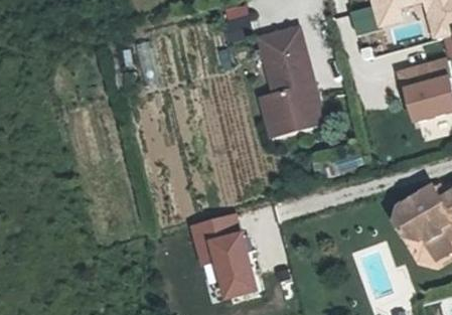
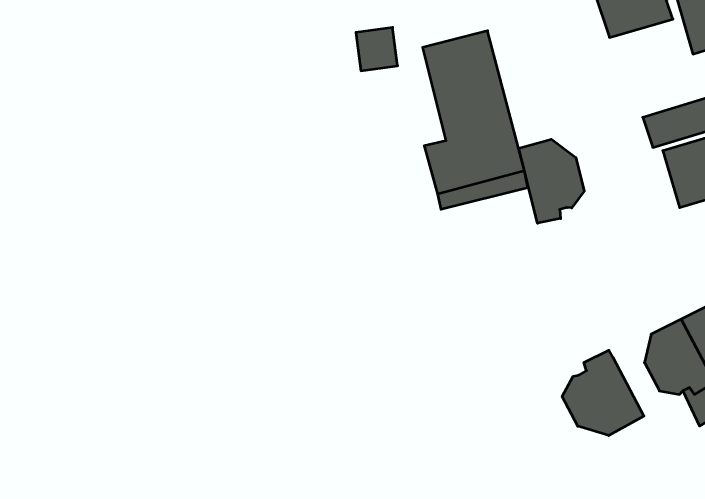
building: none -> [519,139,584,223]
building: [187,212,252,297] -> none
building: none -> [562,350,644,436]

